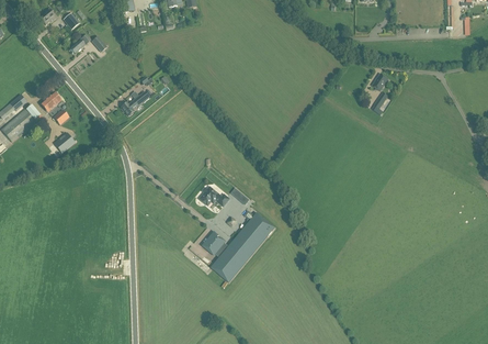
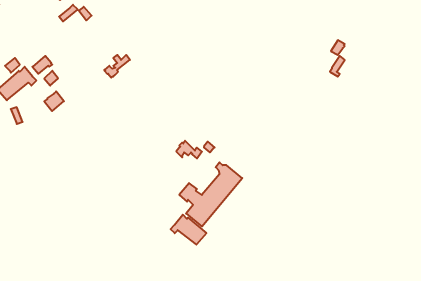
building: none -> [171,215,206,245]

